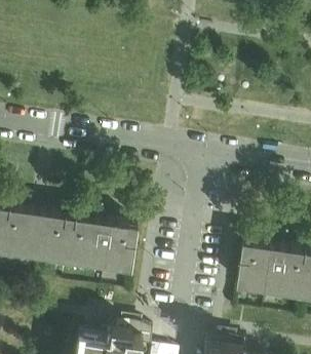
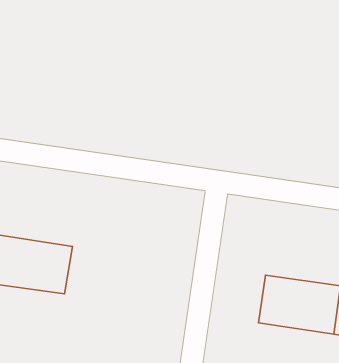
building: [65,222,138,274] -> none

